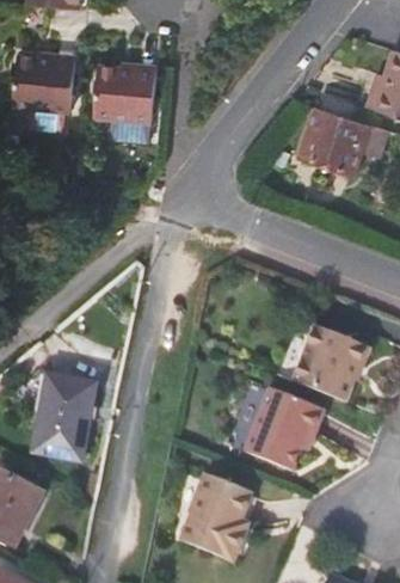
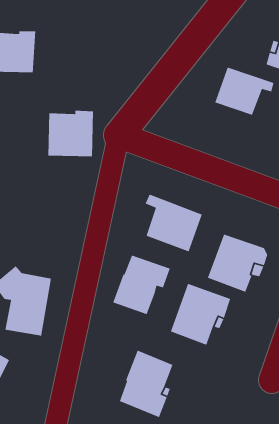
building: [94,66,154,127] -> [47,110,94,157]
building: none -> [144,194,203,252]
building: none -> [112,255,171,315]

